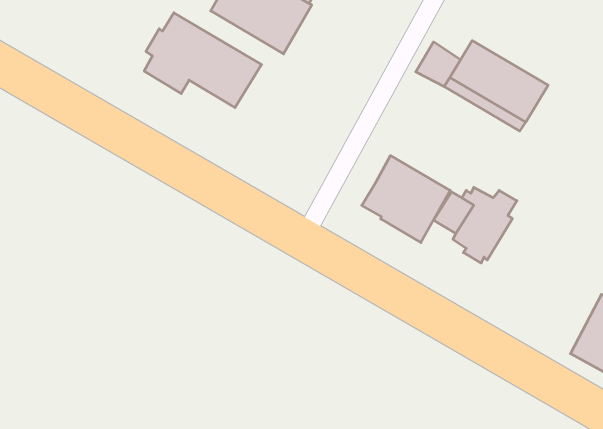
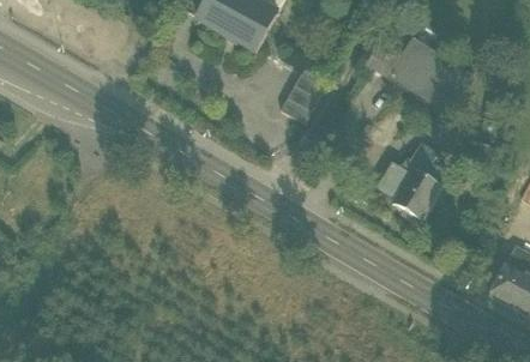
building: [144,13,262,108] -> none
building: none -> [279,71,324,122]
building: [362,156,450,243] -> none

